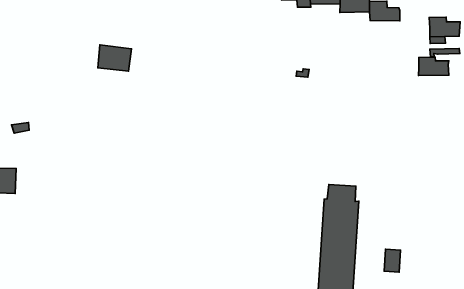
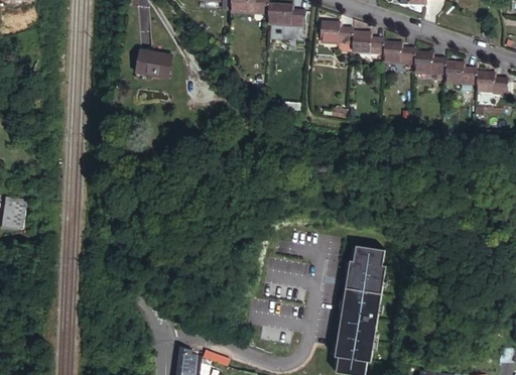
building: [98,45,132,71] -> [131,43,168,74]
building: [418,57,449,76] -> [443,66,477,87]
building: [384,249,401,272] -> none

